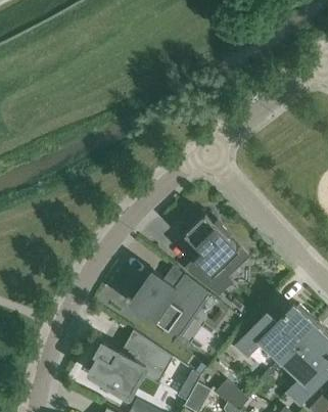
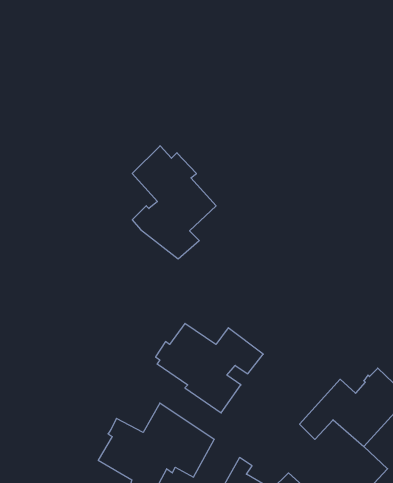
building: [185,215,246,297] -> [132,146,216,259]

